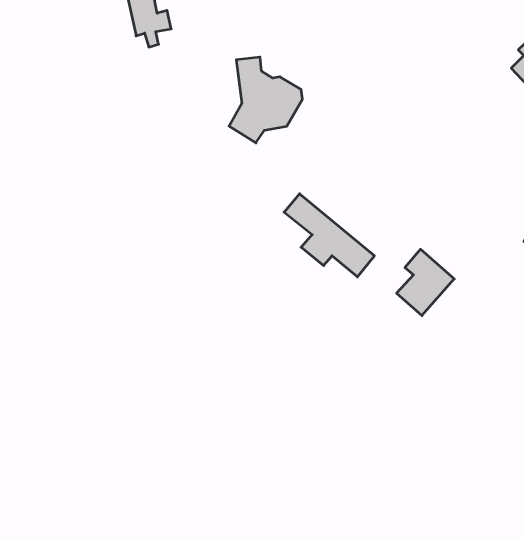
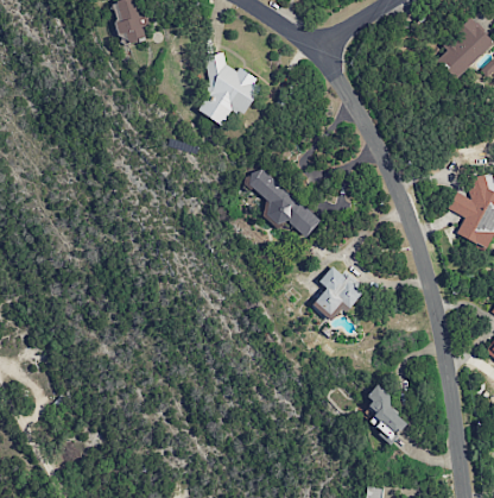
building: [397,249,454,316] -> [312,266,361,322]
building: none -> [363,384,407,442]

